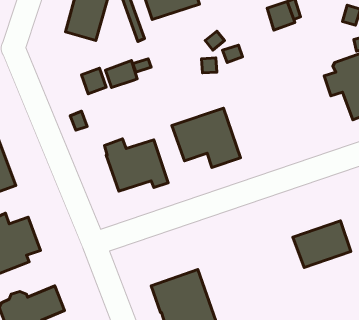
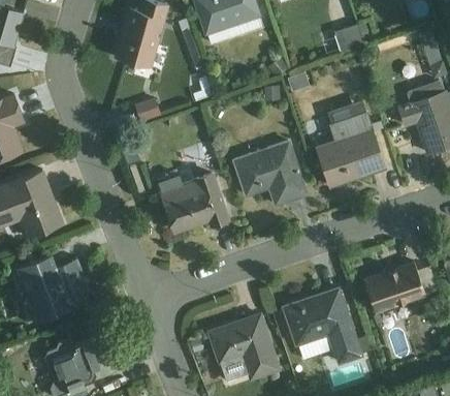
building: [105,61,137,87] -> none
building: none -> [316,100,385,186]
building: none -> [284,288,369,365]

